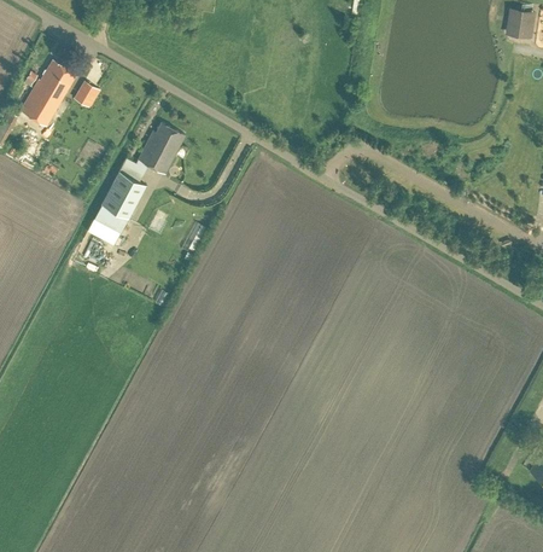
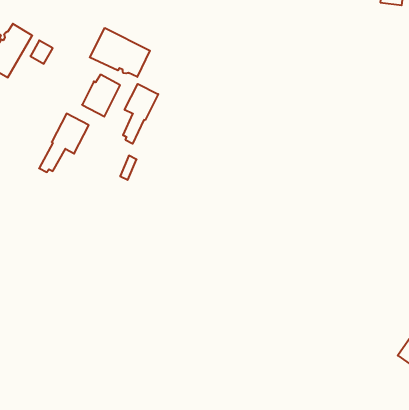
building: none -> [90,28,150,77]
building: none -> [123,84,158,144]

